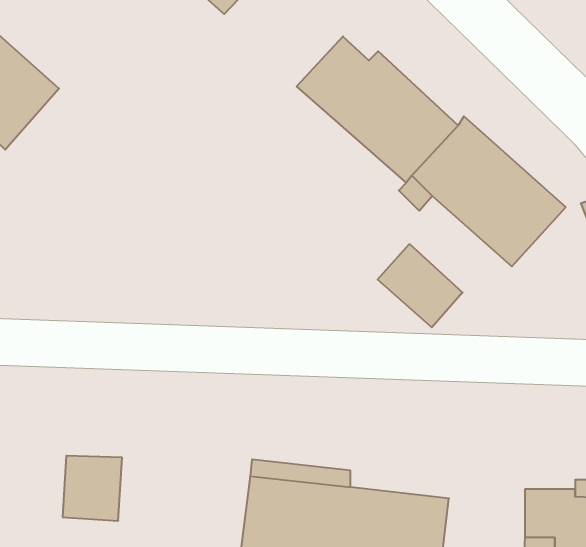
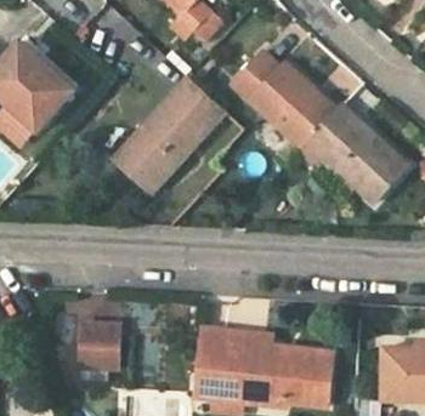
building: none -> [112,76,225,193]
building: [378,244,463,327] -> none

